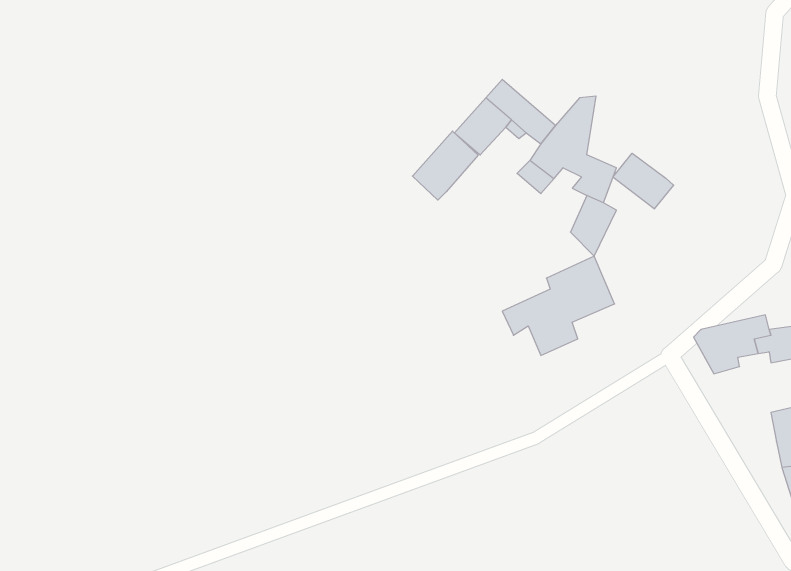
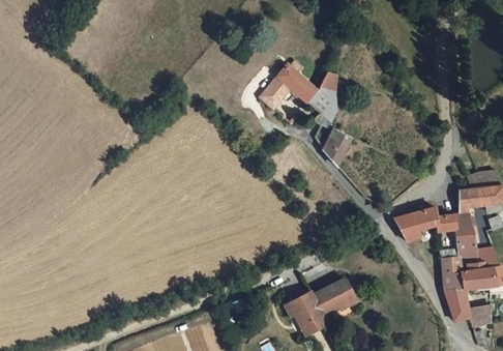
building: [412,131,478,200] -> none
building: [613,153,674,209] -> none
building: [502,256,615,355] -> [289,275,352,331]

